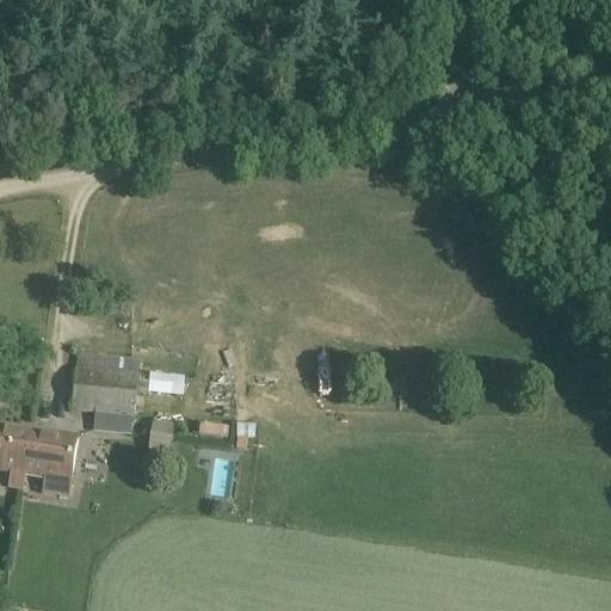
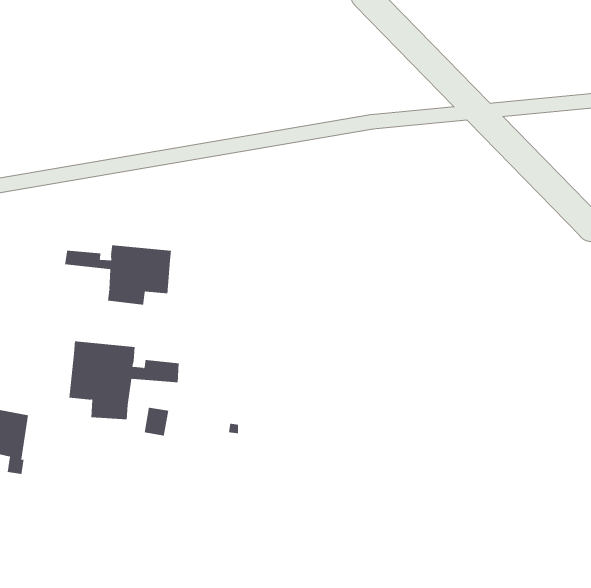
building: none -> [65,245,172,305]
building: [23,427,78,494] -> none

